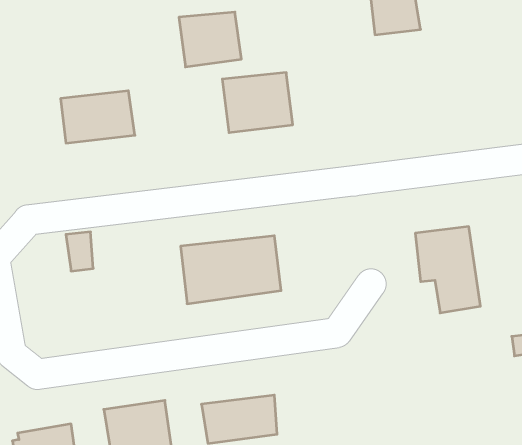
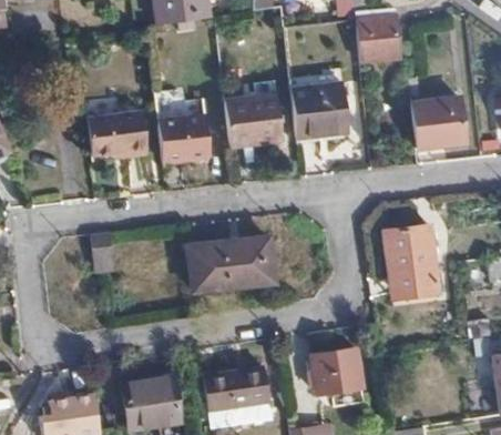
building: [179,12,241,67] -> [157,115,211,162]
building: none -> [290,85,348,140]
building: none -> [412,99,466,146]
building: none -> [310,347,360,391]

